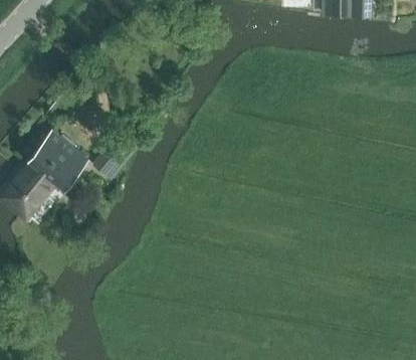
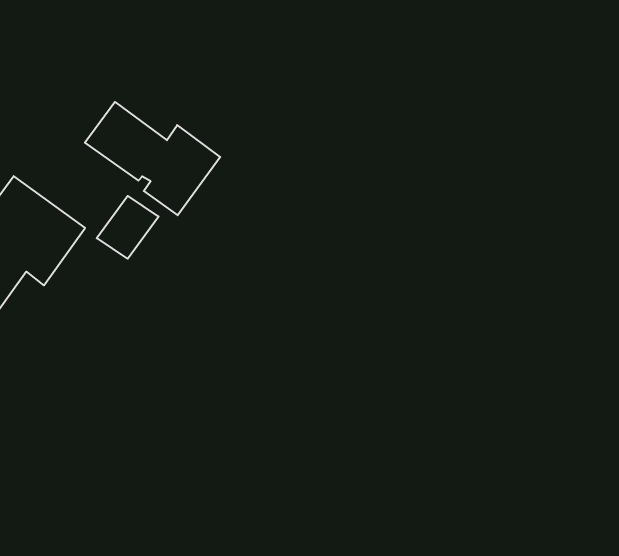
building: none -> [85,102,220,215]

